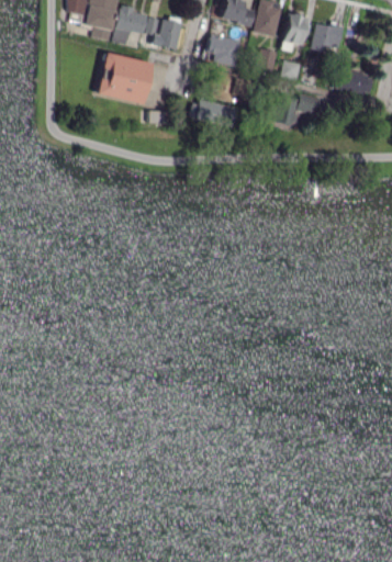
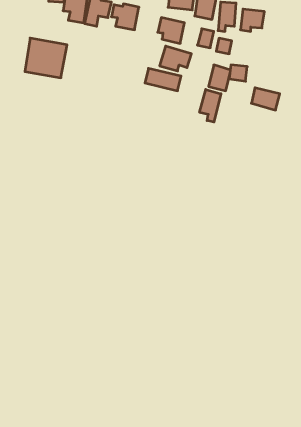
building: [98,53,152,103] -> [25,38,67,78]
building: [338,68,374,97] -> [251,88,280,110]
building: none -> [200,89,221,122]

